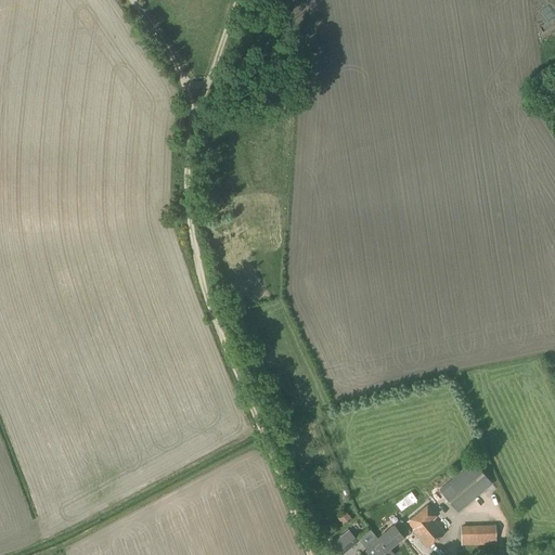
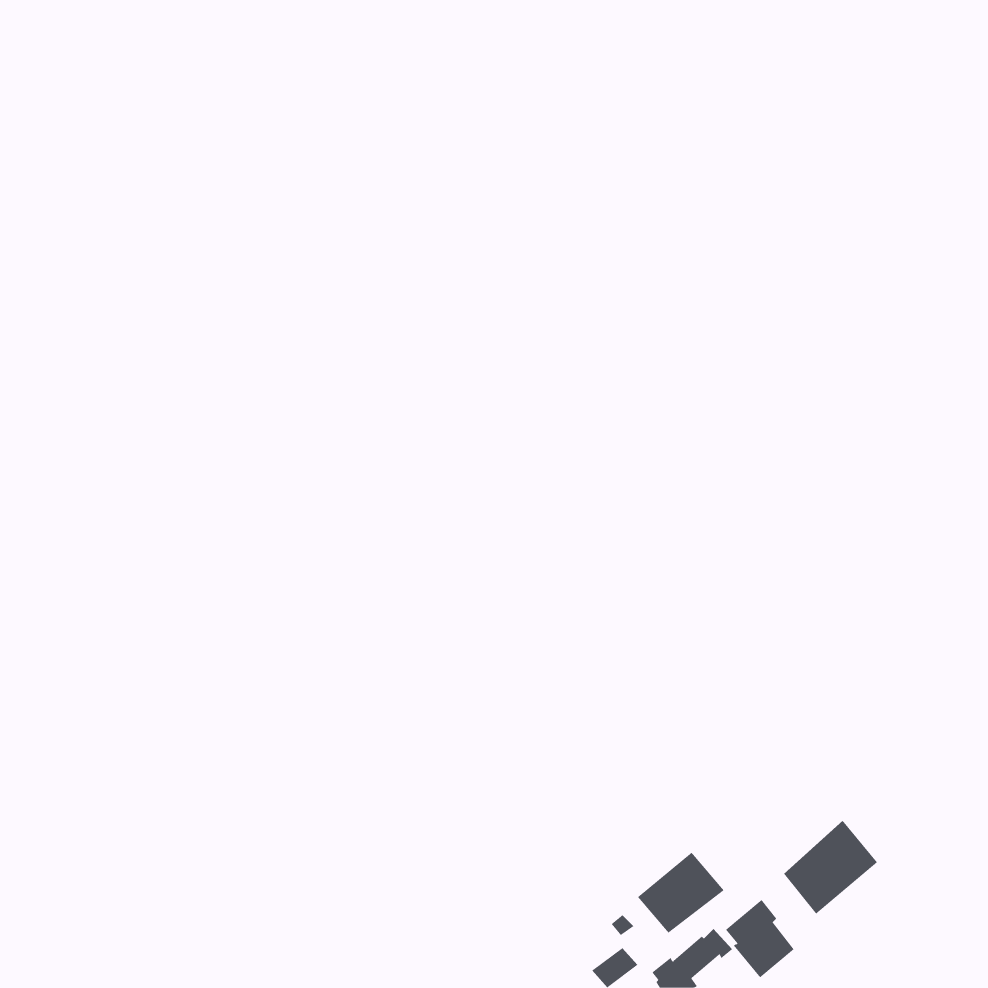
building: none -> [637,852,724,933]
building: [461,525,495,545] -> none

